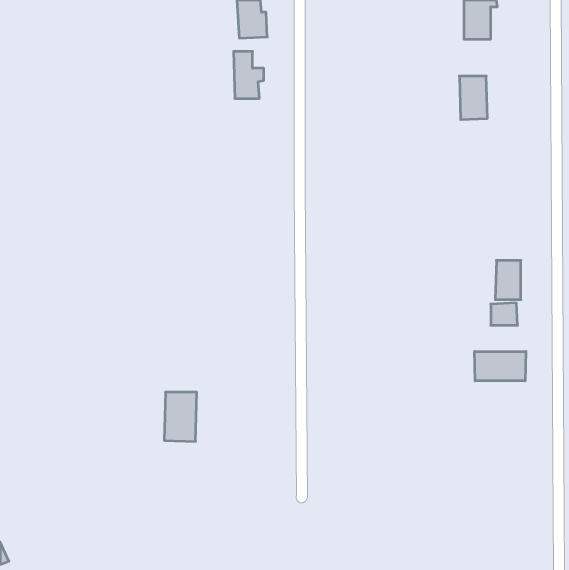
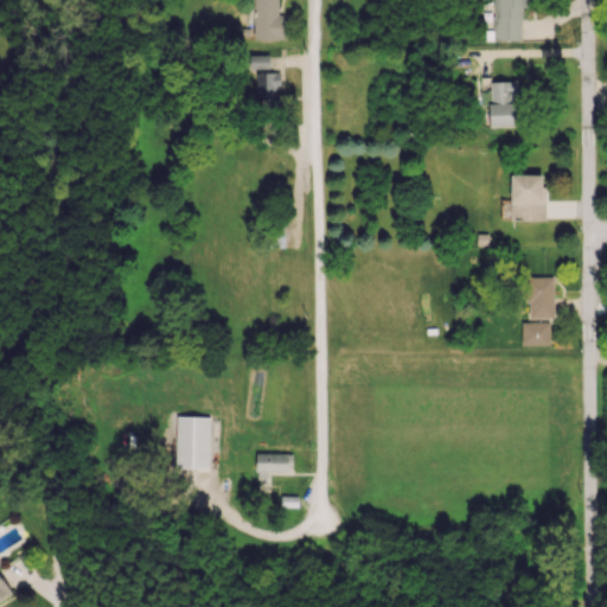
building: none -> [511,175,547,222]
building: [475,351,526,381] -> none
building: none -> [257,454,290,480]

